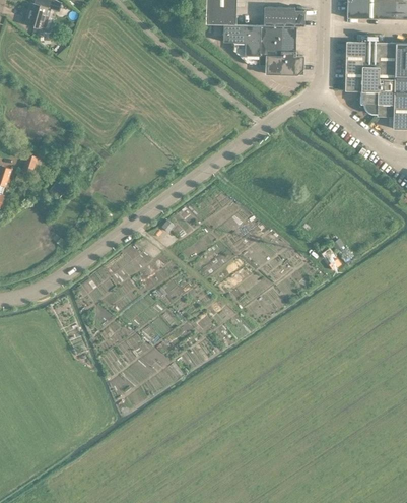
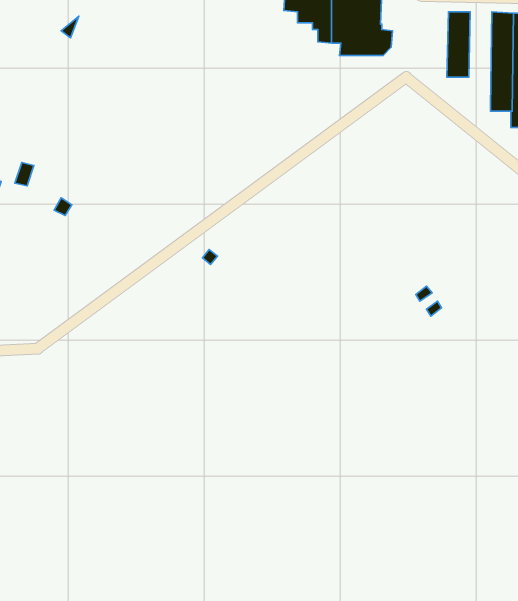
building: [361,42,379,113] -> none

